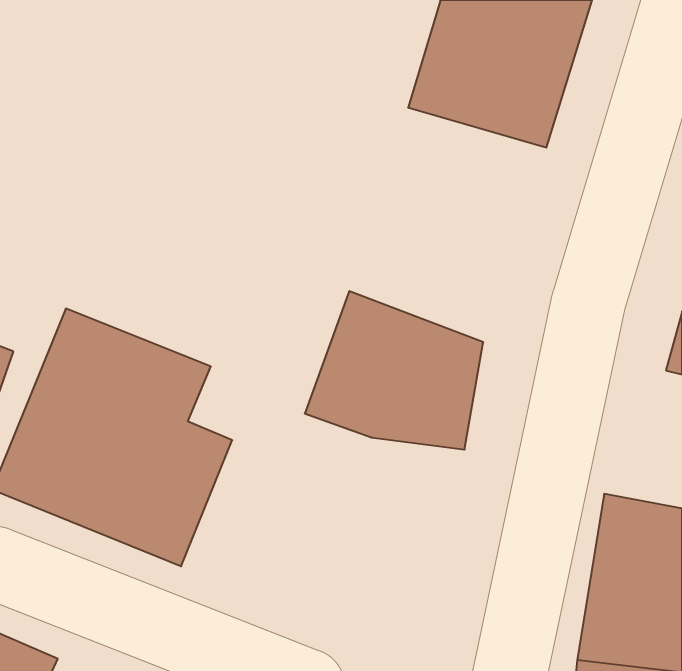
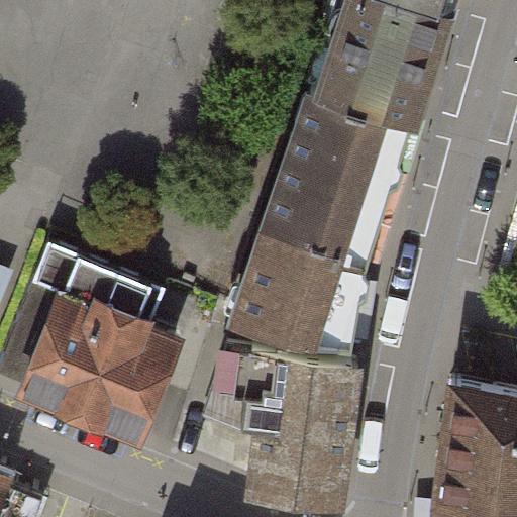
building: none -> [263,92,411,269]
building: none -> [203,352,356,505]

